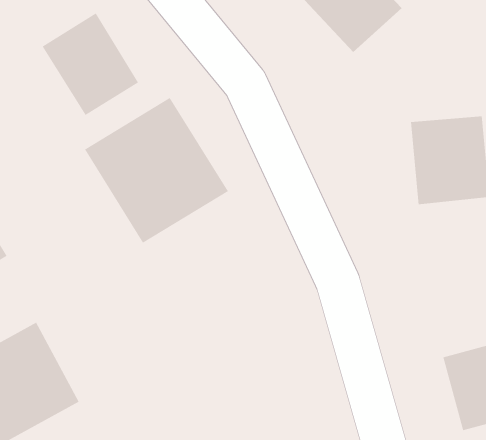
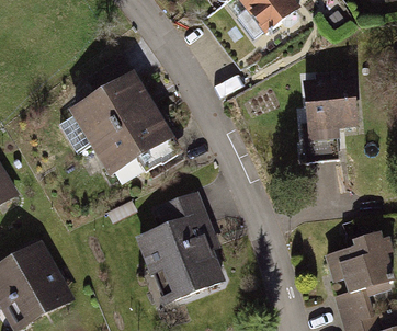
building: [42,12,139,116] -> none
building: none -> [127,181,218,293]

